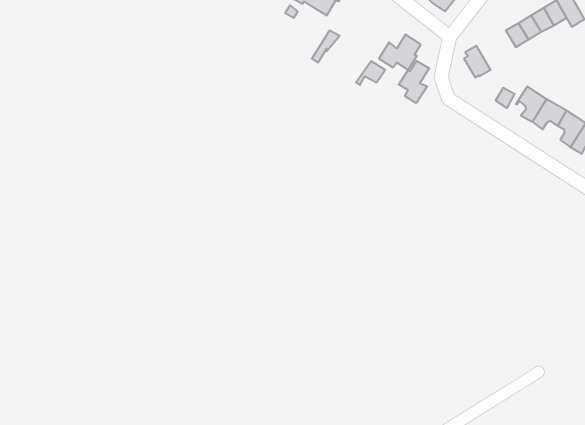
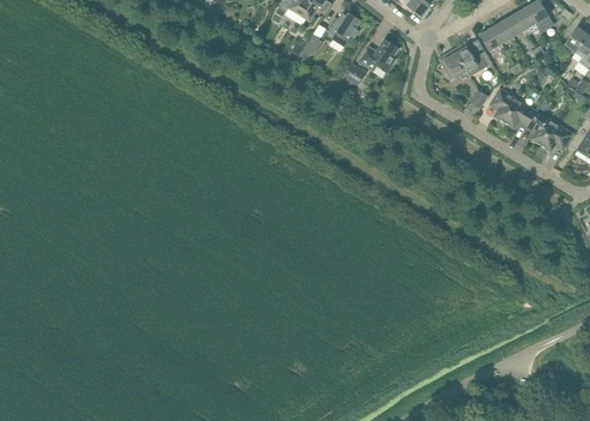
building: none -> [325,12,359,46]
building: none -> [451,46,487,77]
building: [399,61,429,103] -> none

